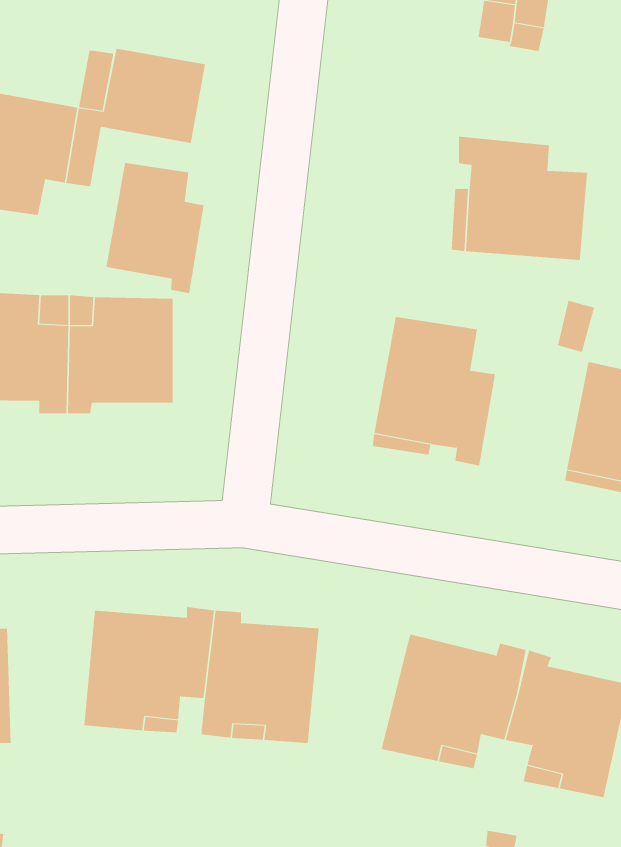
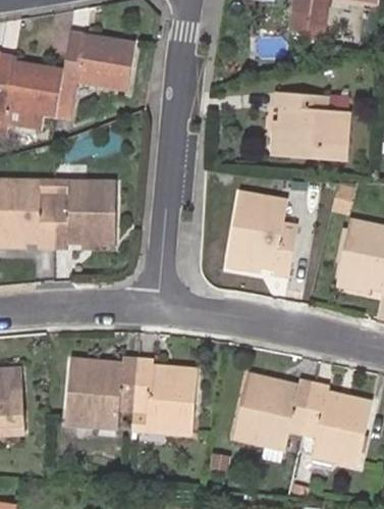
building: [106,162,204,294] -> none

